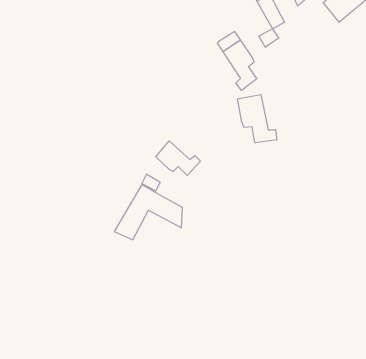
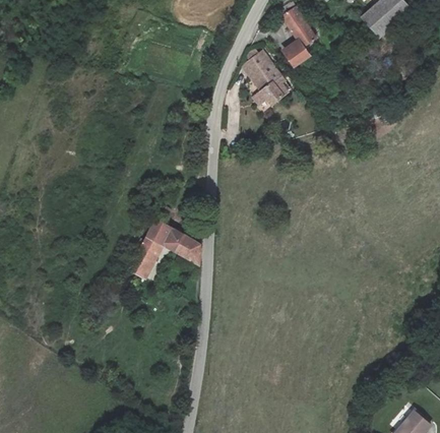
building: [238,95,277,143] -> none
building: [156,141,200,175] -> none

